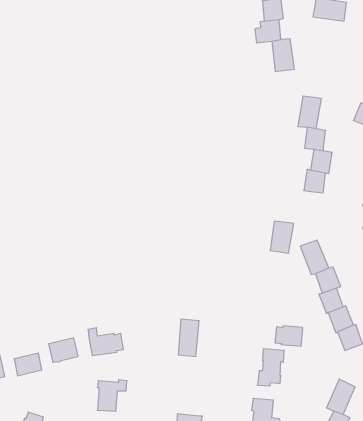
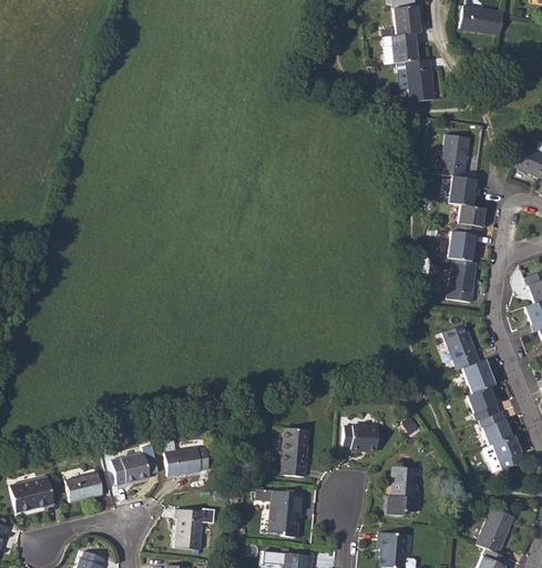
building: [270,221,294,253] -> [447,258,478,301]
building: [275,326,303,346] -> [342,424,379,450]
building: none -> [256,488,303,537]

